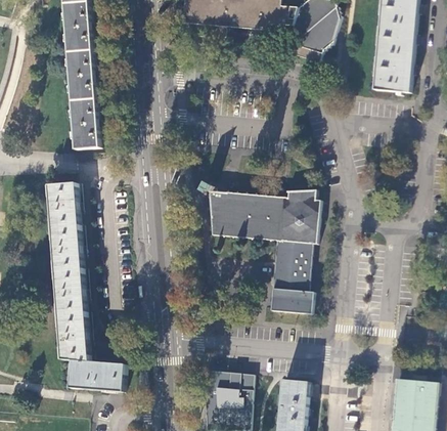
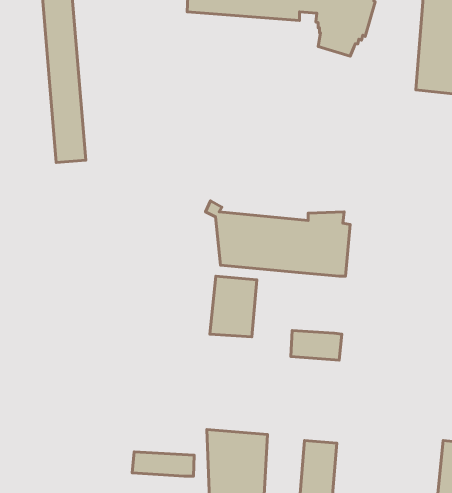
building: [48,180,126,391] -> none
building: [271,240,310,290] -> [210,276,257,337]
building: none -> [132,452,194,476]

